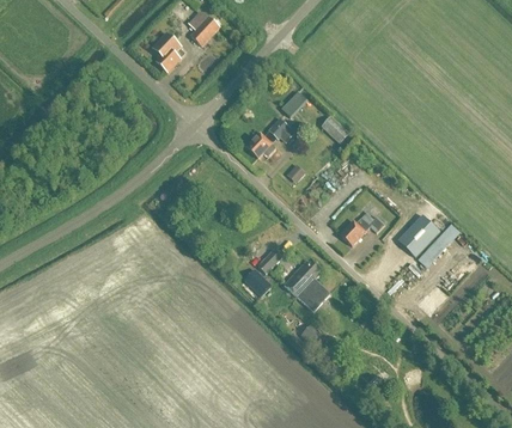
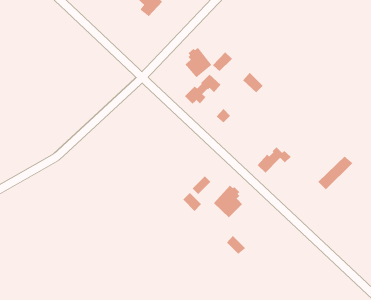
building: [151,31,184,72] -> none
building: none -> [184,47,212,78]
building: [397,214,440,257] -> none

